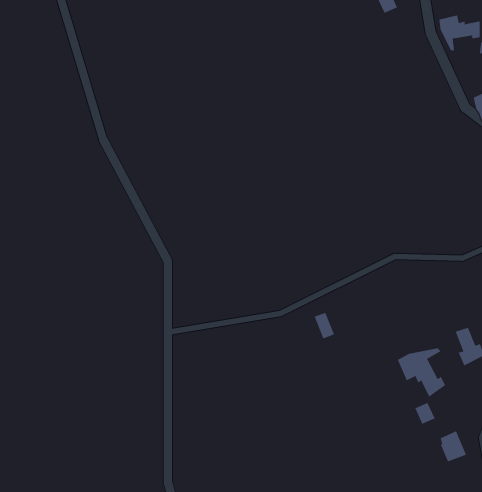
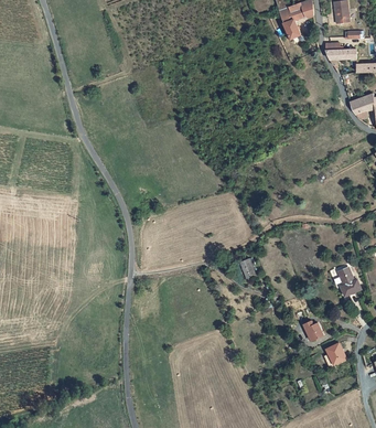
building: [397,347,446,398] -> none

